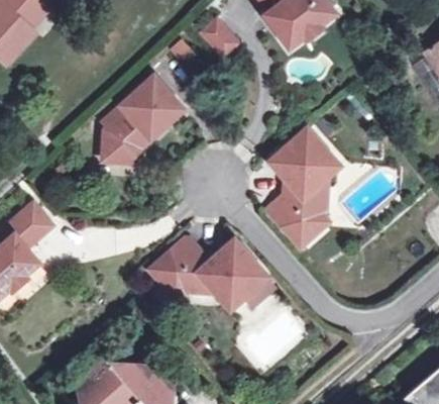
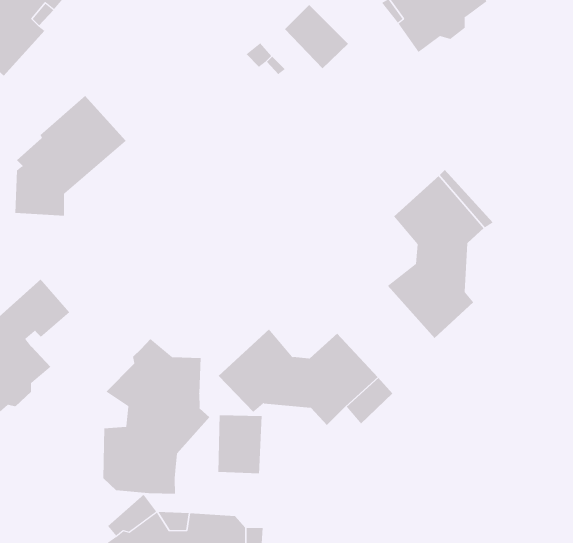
building: [105,79,182,162] -> [15,95,127,216]
building: none -> [103,338,210,495]
building: none -> [218,415,262,474]

